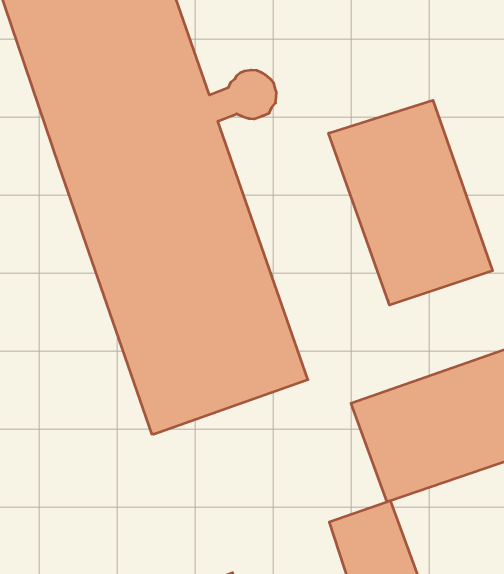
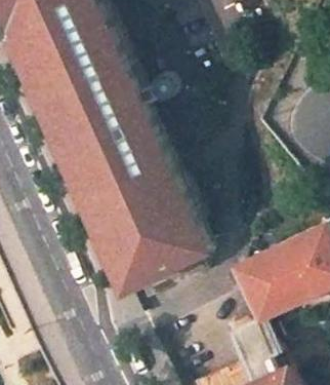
building: [329,100,493,305] -> none

